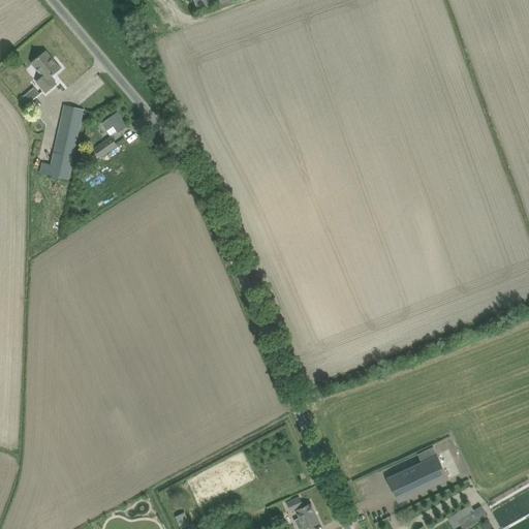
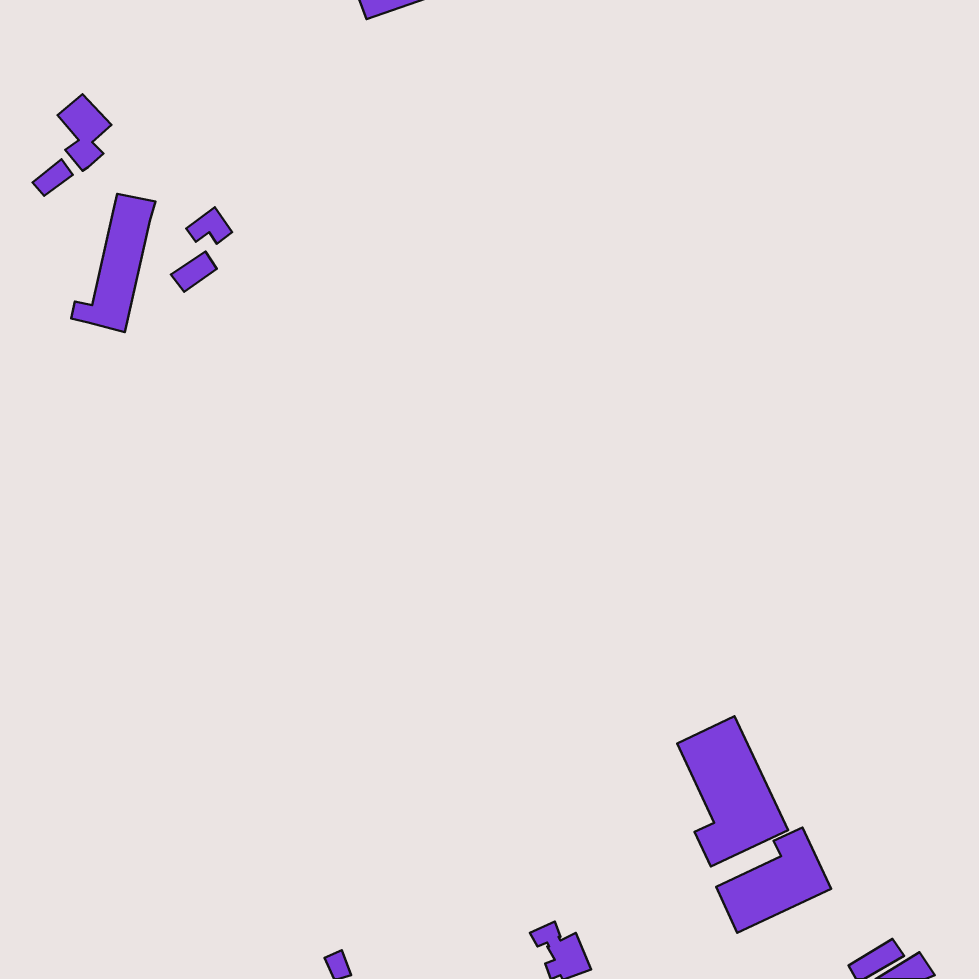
building: none -> [677,716,788,867]

